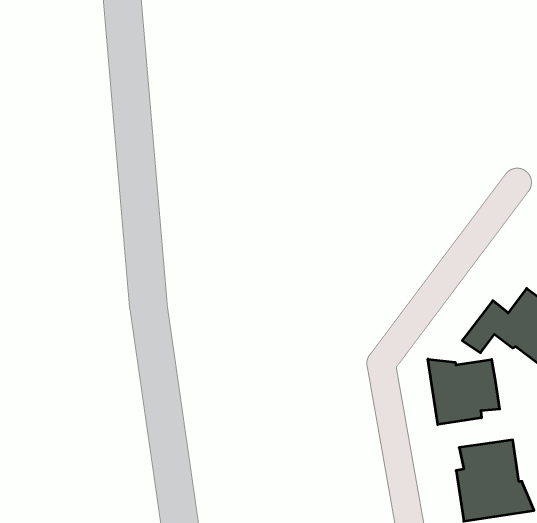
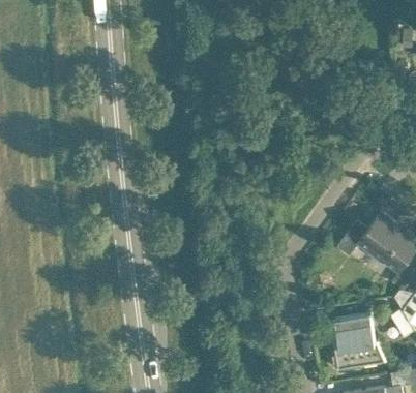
building: [428,359,500,425] -> none

